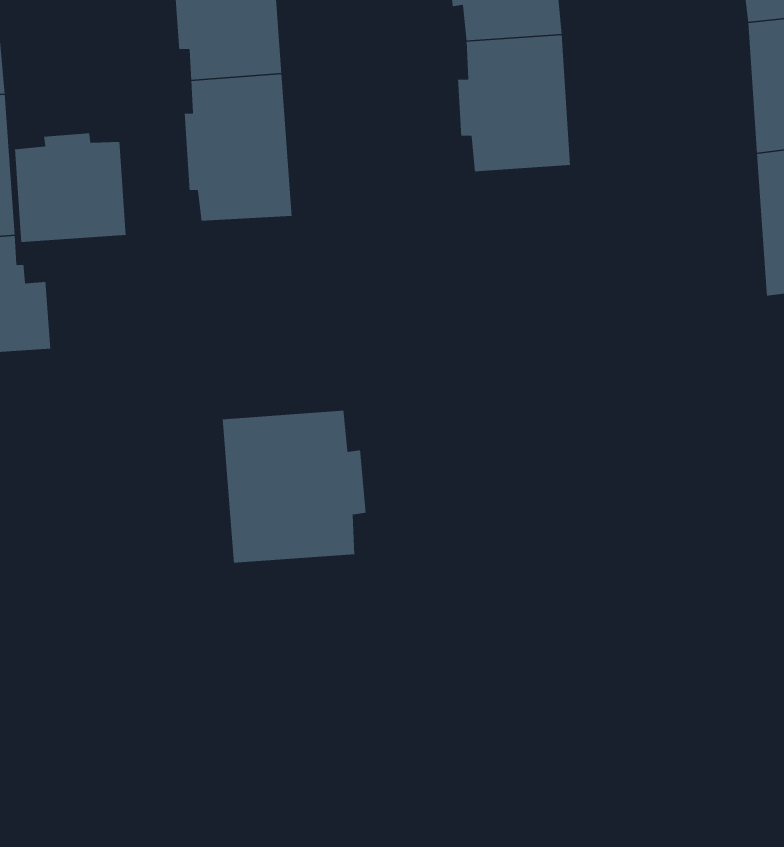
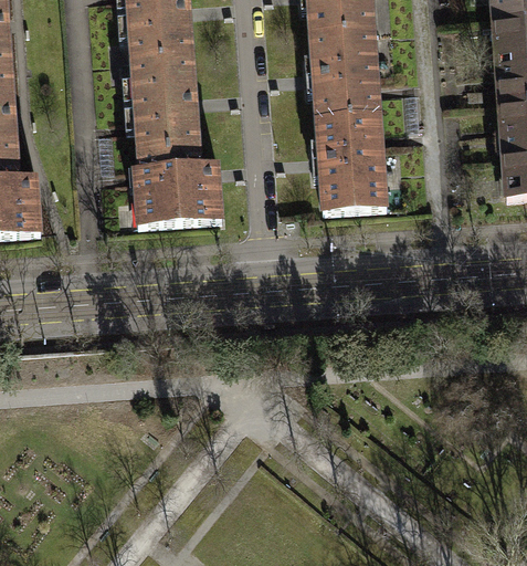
building: [14,132,126,243] -> none
building: none -> [312,111,387,210]
building: none -> [135,144,223,223]
building: [222,410,366,564] -> none

